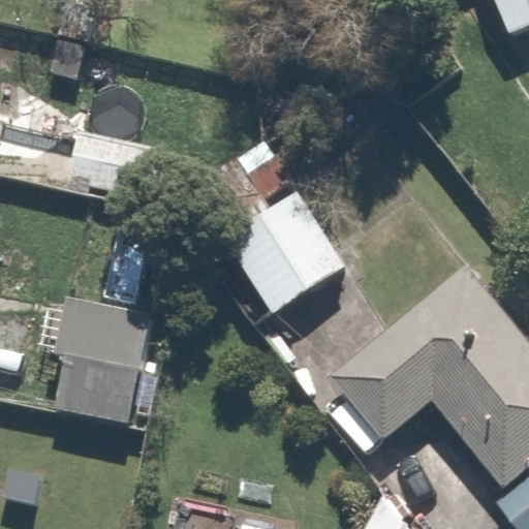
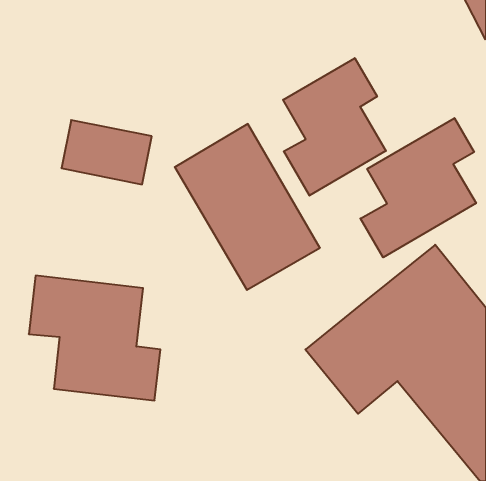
building: none -> [283,58,386,196]
building: none -> [360,118,476,257]

